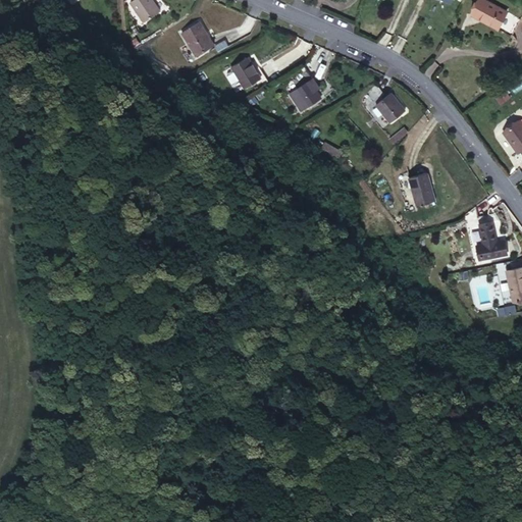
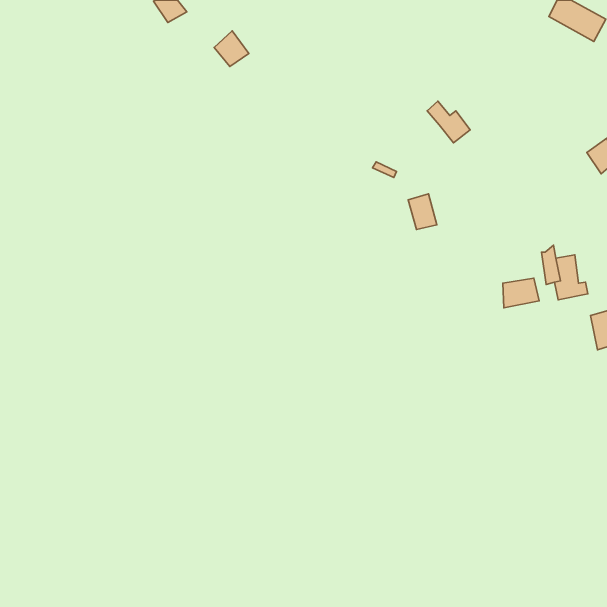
building: [236,59,261,87] -> none
building: [290,79,320,109] -> none
building: [410,171,434,202] -> [408,194,437,230]
building: none -> [503,278,539,308]

